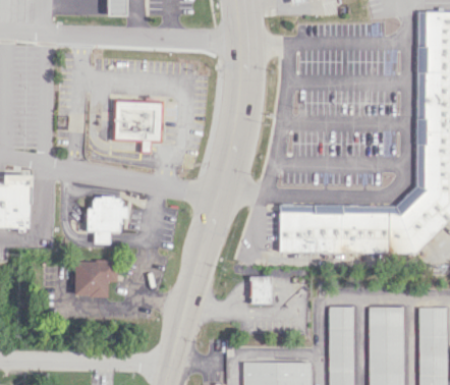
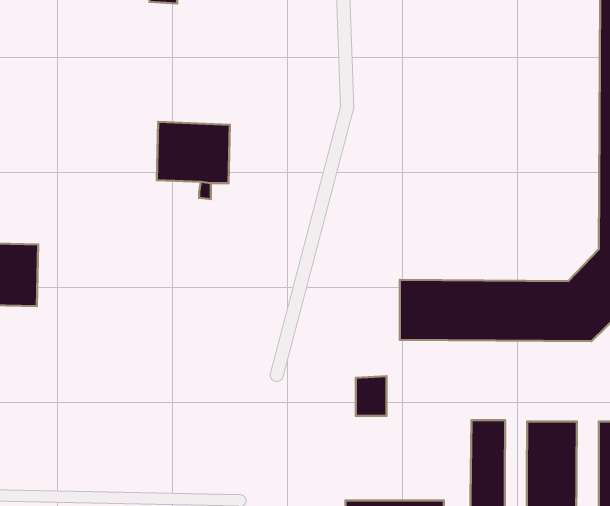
building: [87,194,126,241] -> none
building: [74,260,118,295] -> none

